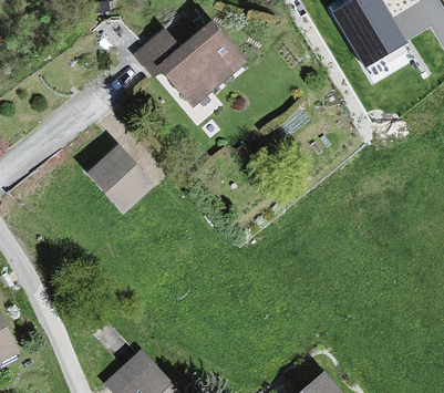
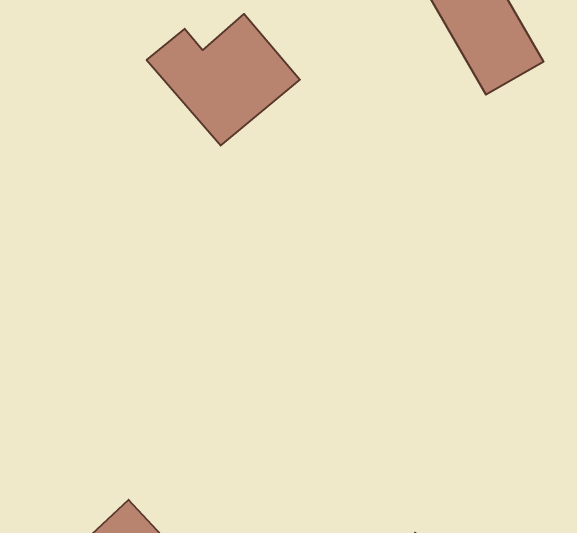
building: [87,144,148,205] -> none

